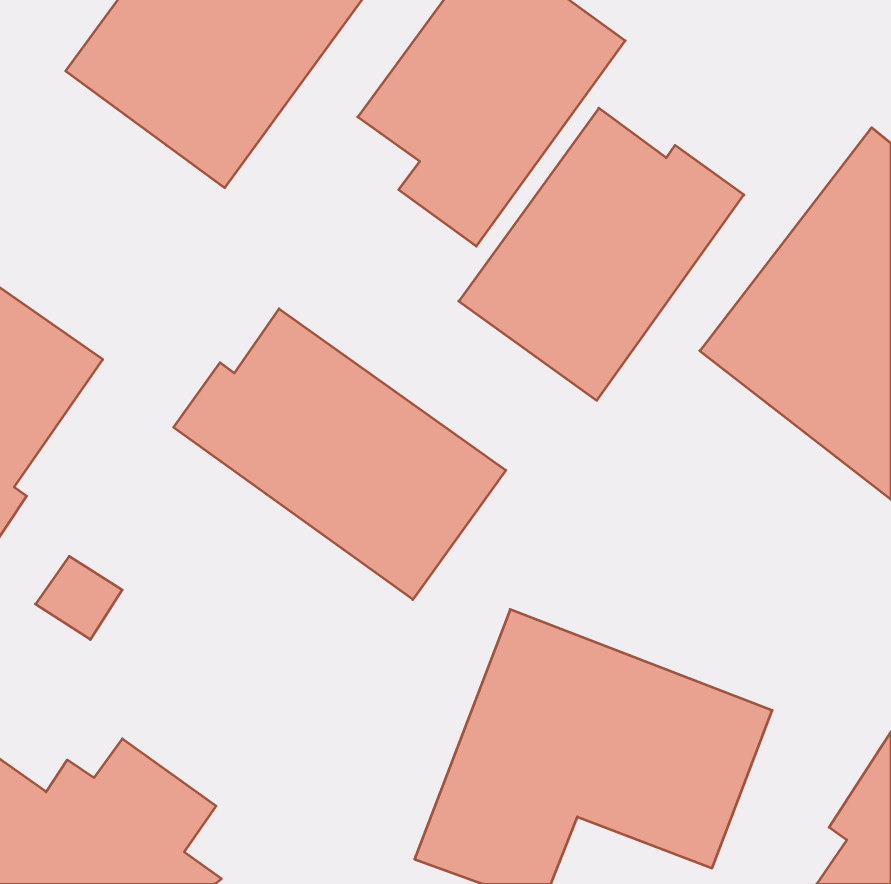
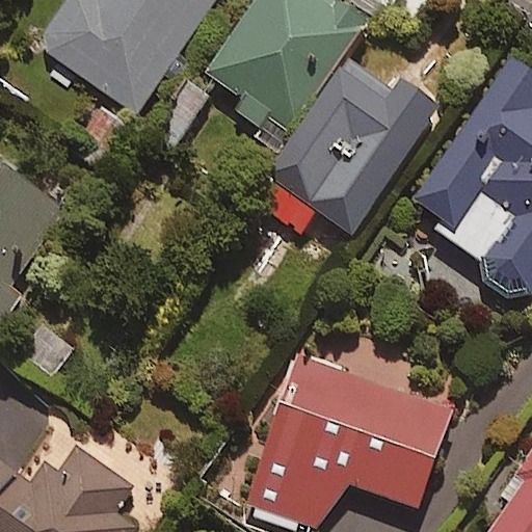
building: [174,309,506,600] -> none

